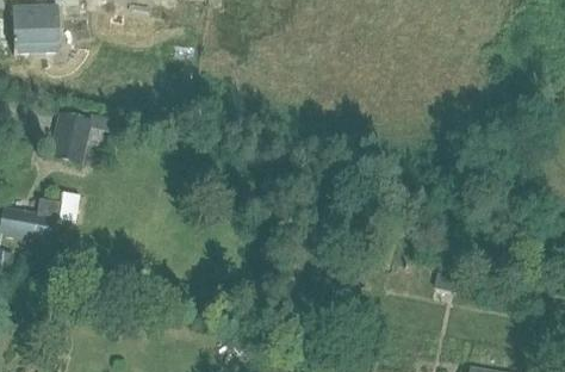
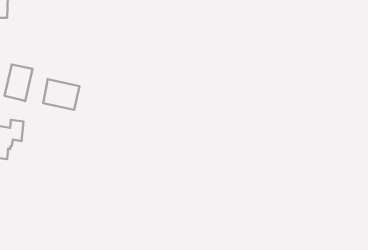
building: none -> [43,79,80,110]

